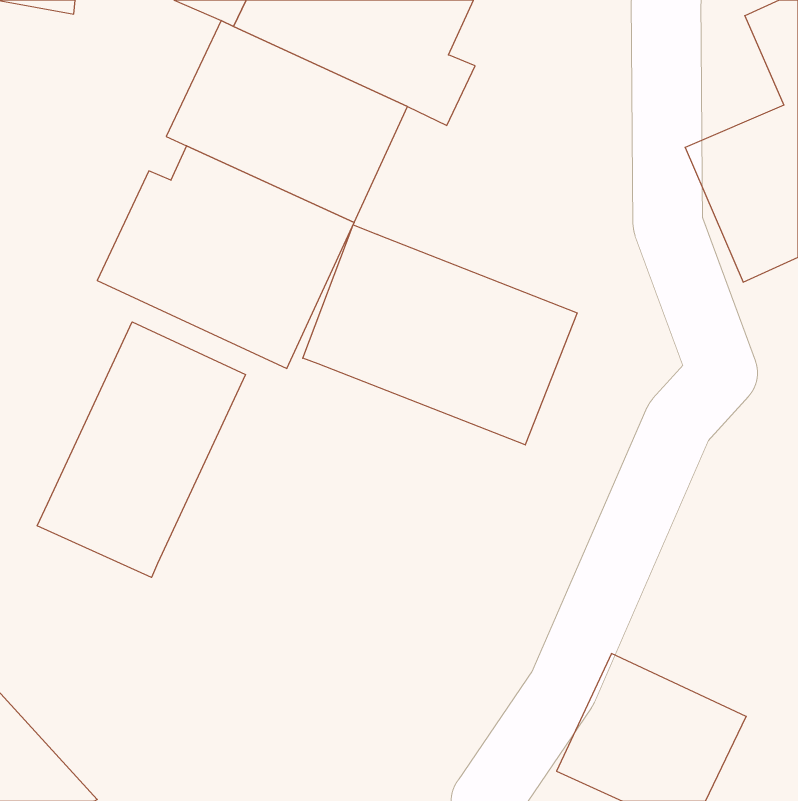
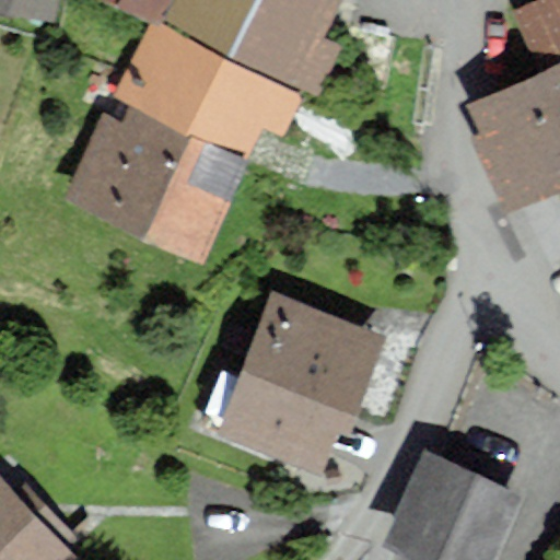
building: [303,225,577,445] -> none
building: [37,322,245,577] -> none
building: none -> [222,298,374,470]

